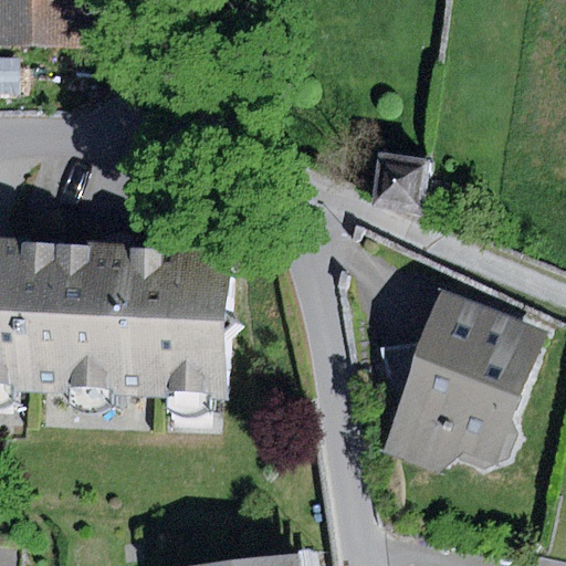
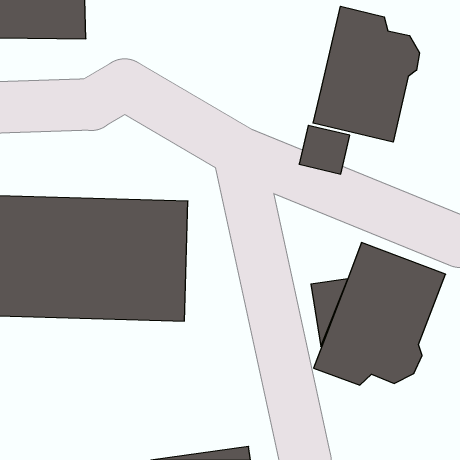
building: none -> [313,6,420,142]

